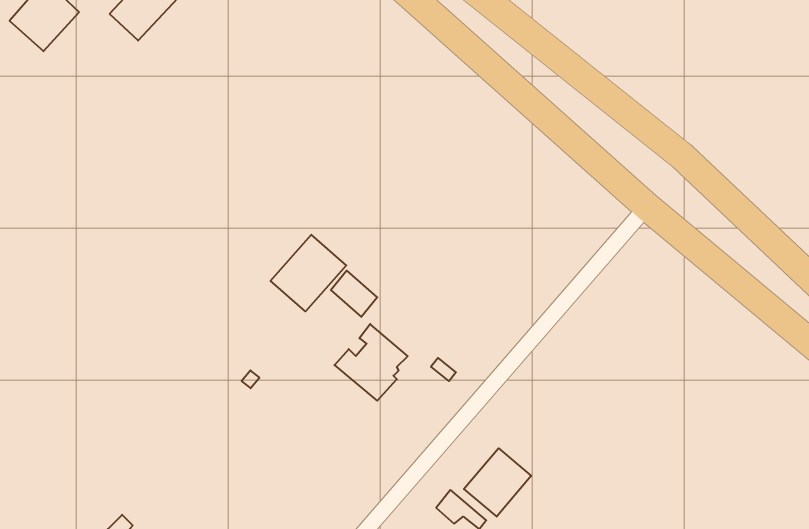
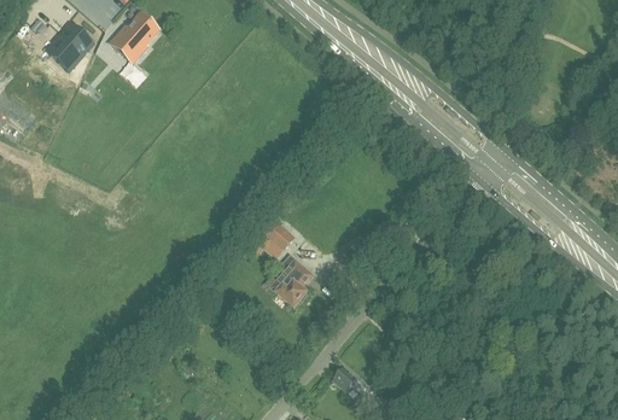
building: [271,235,346,311] -> none
building: [464,448,531,517] -> none

